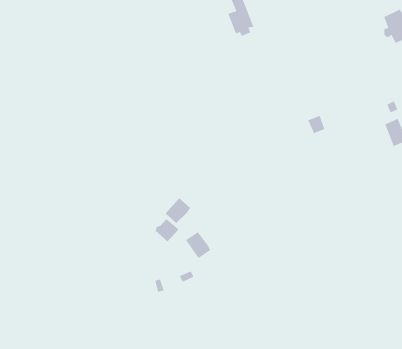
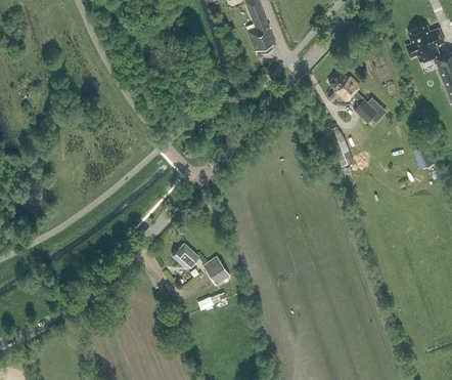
building: none -> [329,71,387,123]
building: [165,198,191,224] -> none

